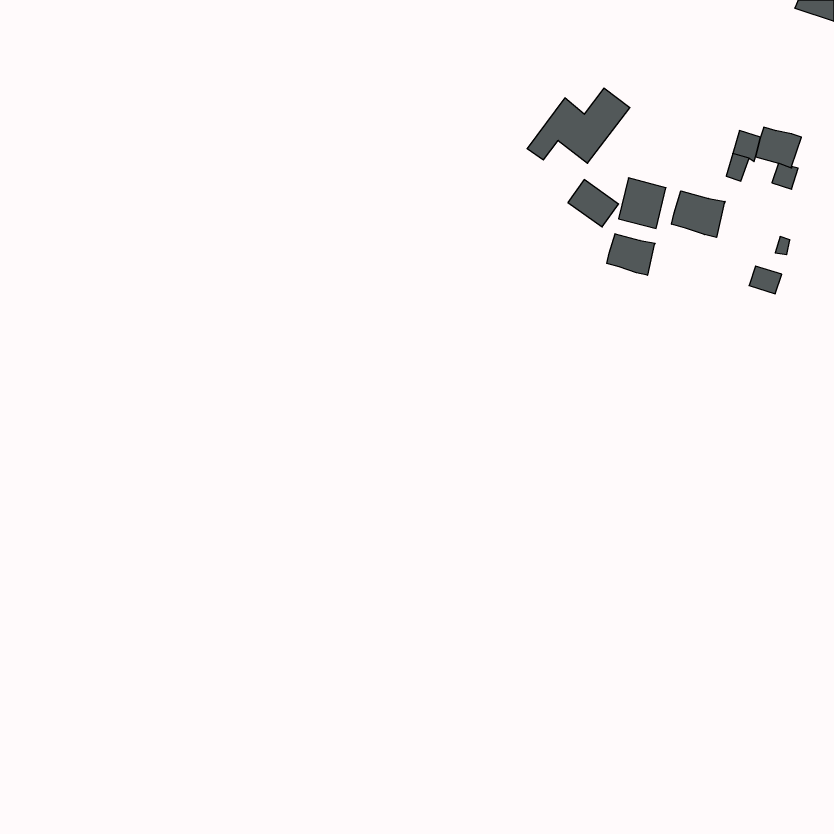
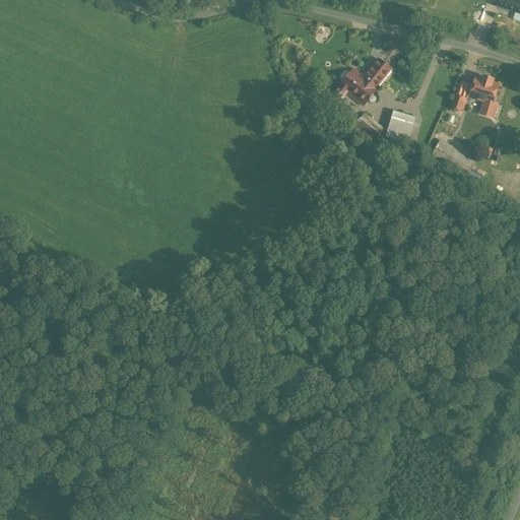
building: [672,191,725,237] -> none
building: [607,234,655,275] -> none

